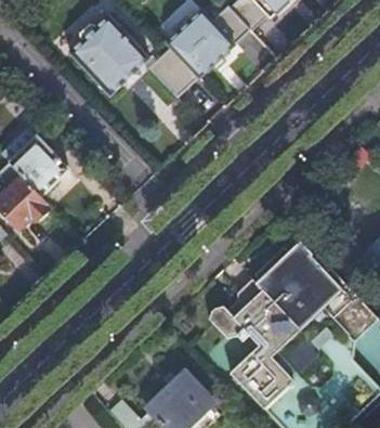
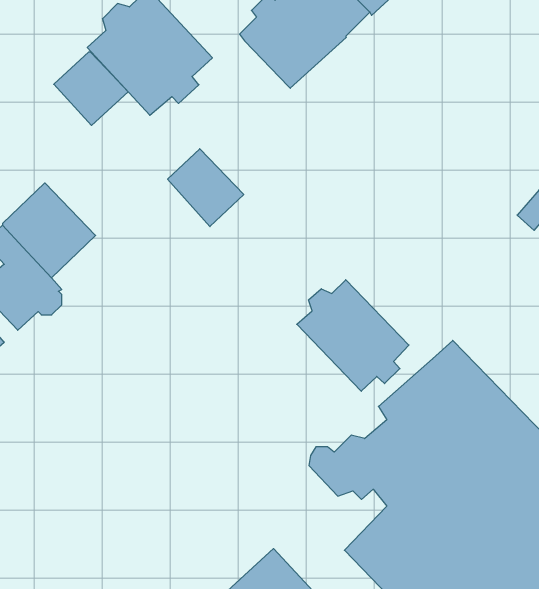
building: [147,47,196,96] -> [168,149,244,227]
building: none -> [54,52,128,125]
building: none -> [297,280,409,391]

